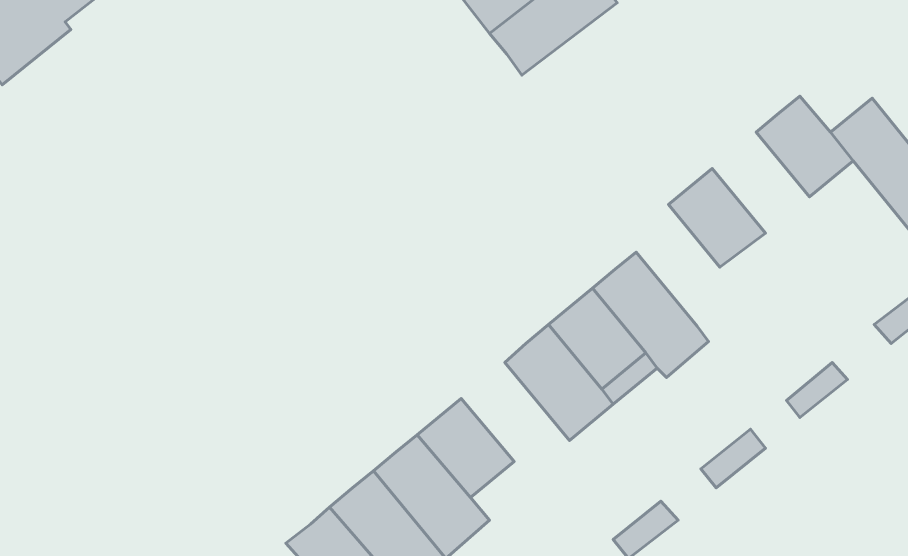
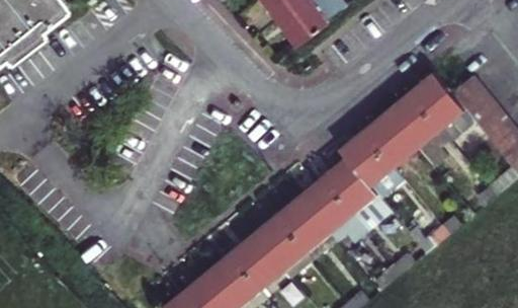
building: none -> [397,81,454,150]
building: none -> [350,120,411,184]
building: none -> [263,204,321,264]

